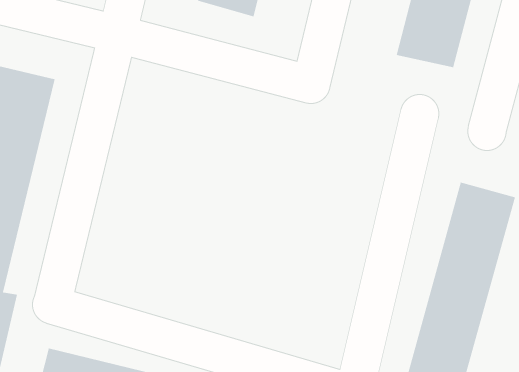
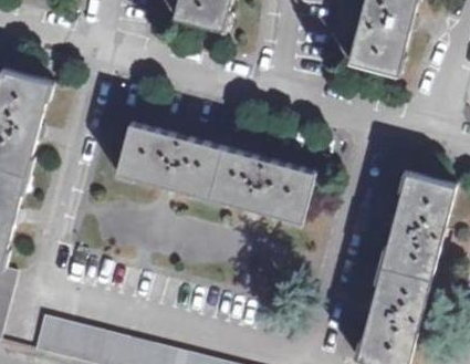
building: none -> [117,126,315,222]

